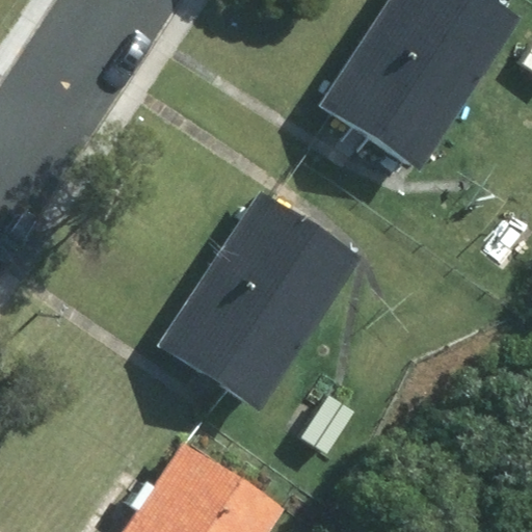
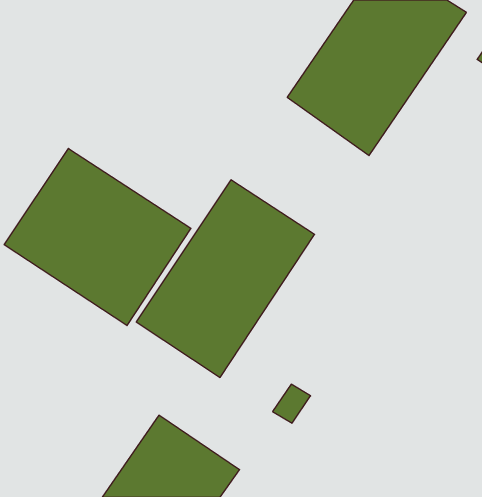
building: none -> [4,148,191,326]

